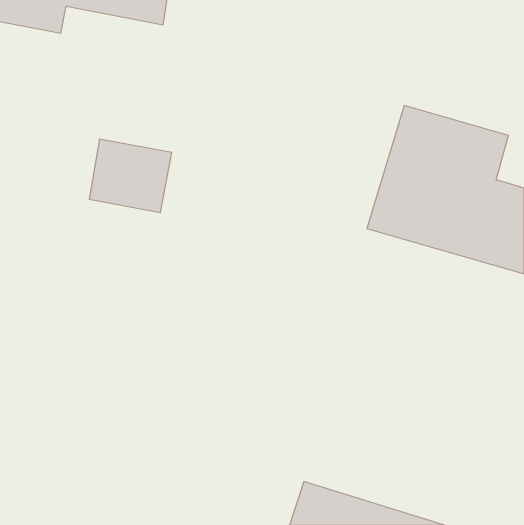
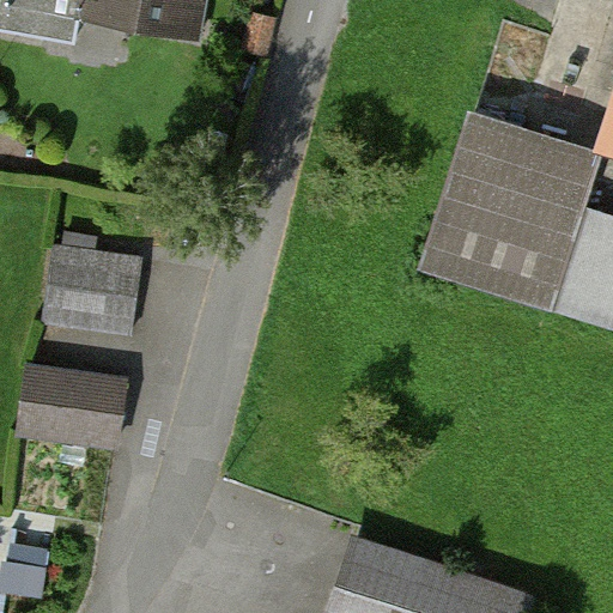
building: [89,139,172,213] -> [50,249,146,334]
building: none -> [13,374,126,454]

